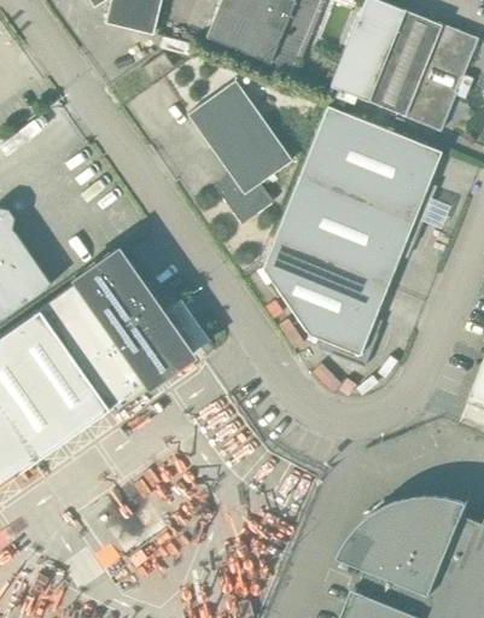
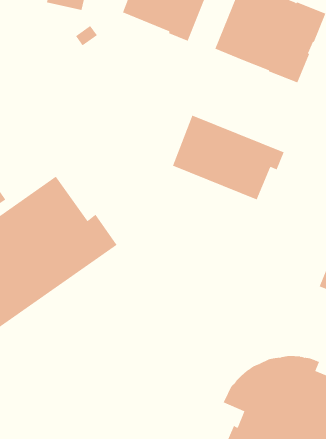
building: [187,80,292,223] -> none
building: [299,105,442,222] -> none
building: [262,240,386,367] -> none

